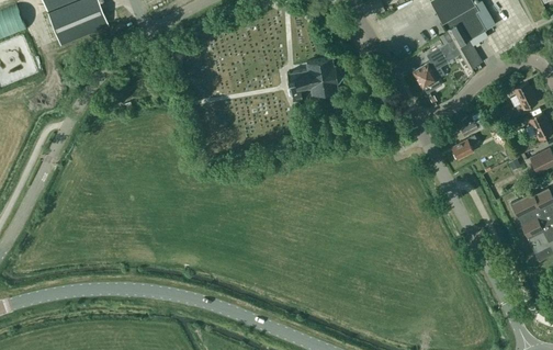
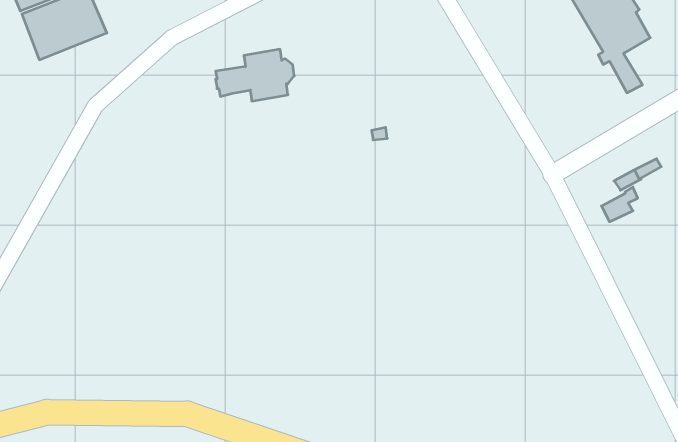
building: [415,43,453,93] -> none
building: [287,58,342,94] -> [216,49,294,101]

